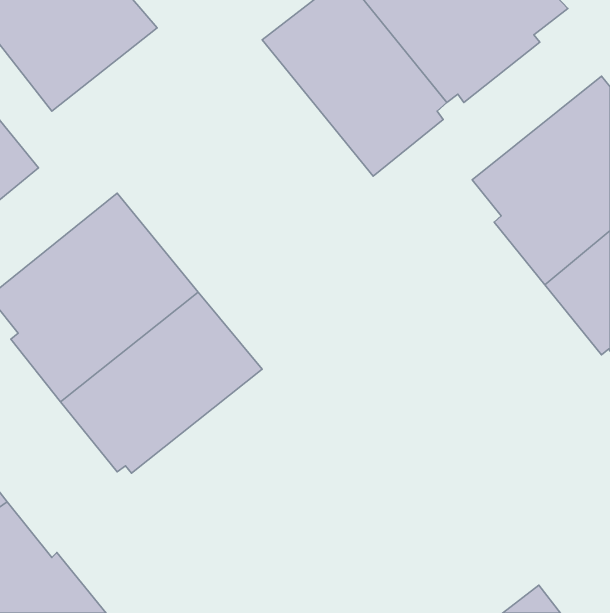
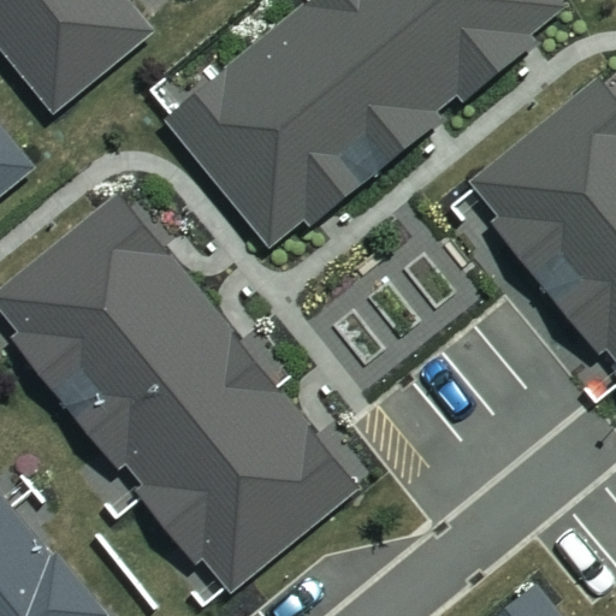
building: none -> [165,40,372,245]
building: none -> [131,368,357,592]

